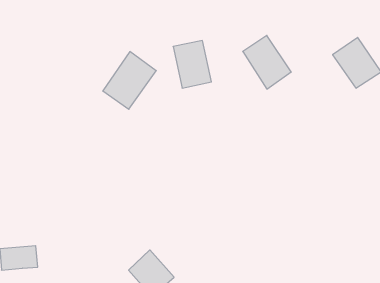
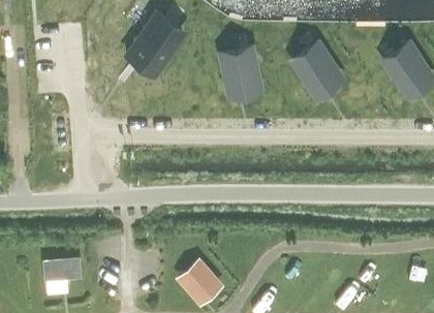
building: [103,52,156,109] -> [127,14,182,73]

